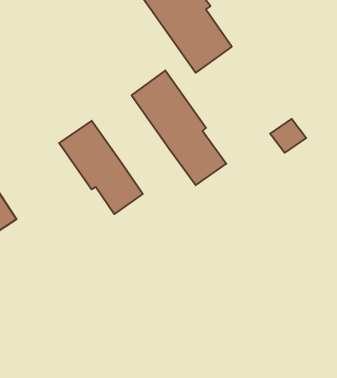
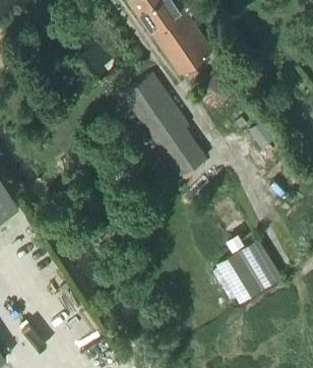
building: [59,121,143,214] -> none
building: none -> [217,241,279,302]

